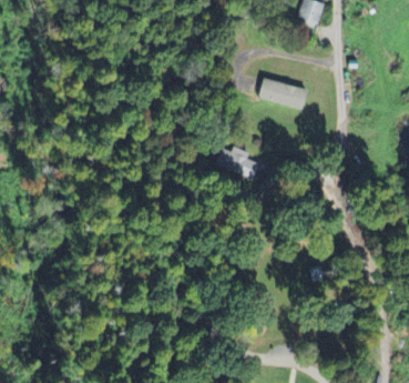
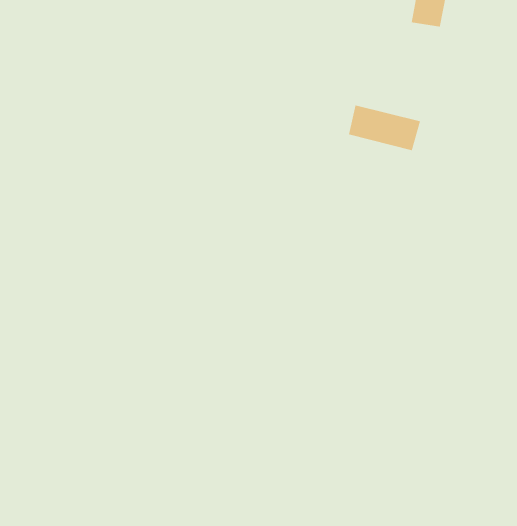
building: [221,143,259,180] -> none

